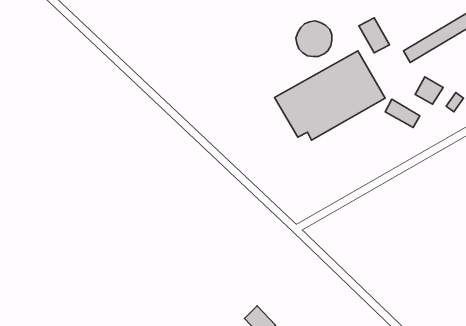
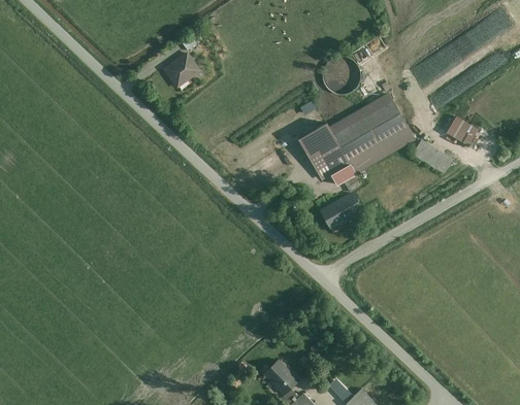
building: [359,18,389,53] -> none
building: none -> [164,54,201,89]
building: none -> [320,192,363,228]

